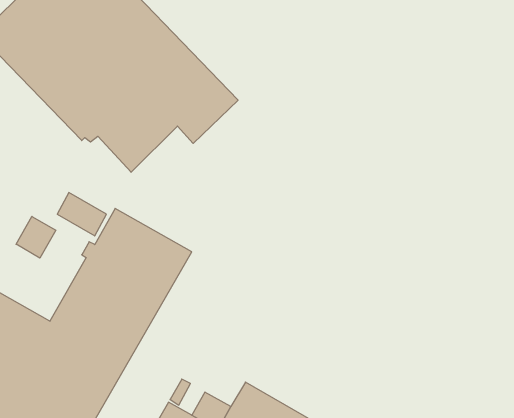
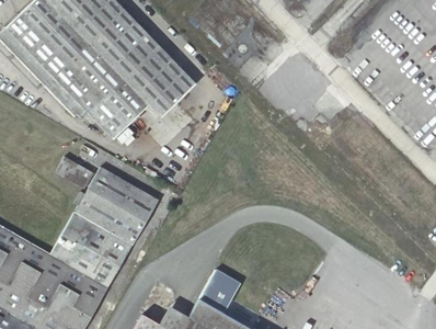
building: [16,216,56,258] -> none
building: none -> [198,271,240,314]

